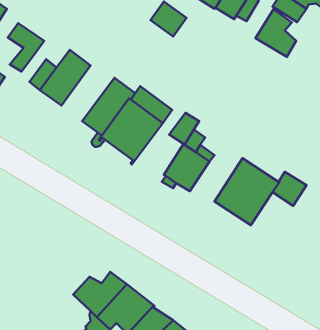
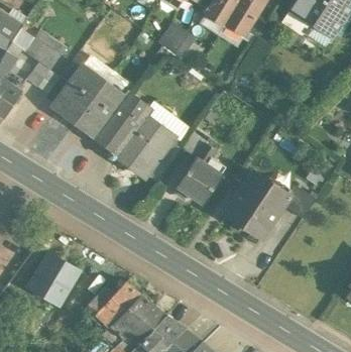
building: [255,9,296,57] -> none
building: none -> [76,81,125,135]
building: none -> [29,256,78,308]

